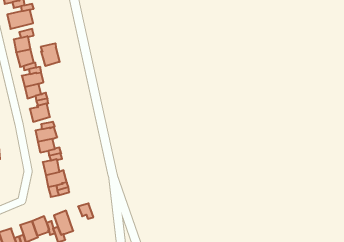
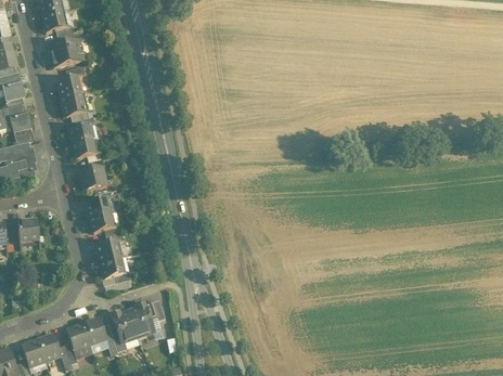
building: [41,43,60,66] -> none
building: none -> [128,306,154,338]

